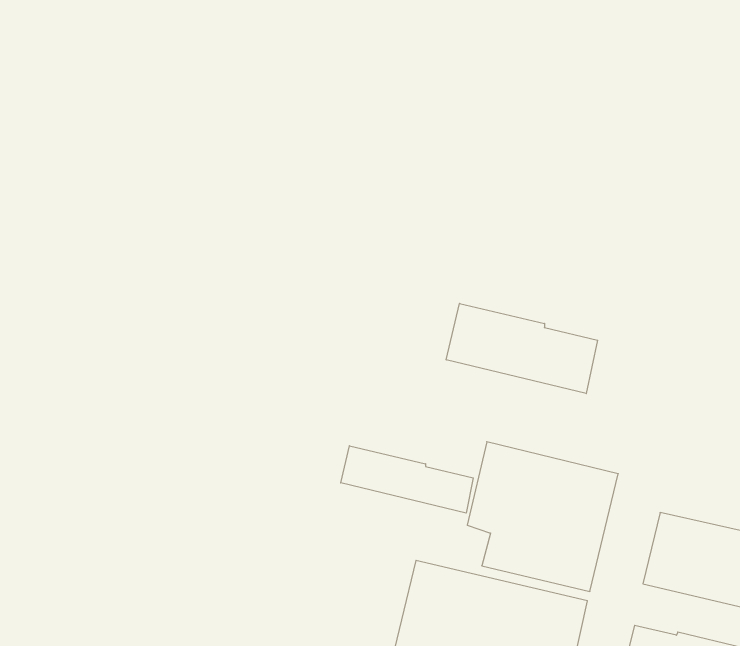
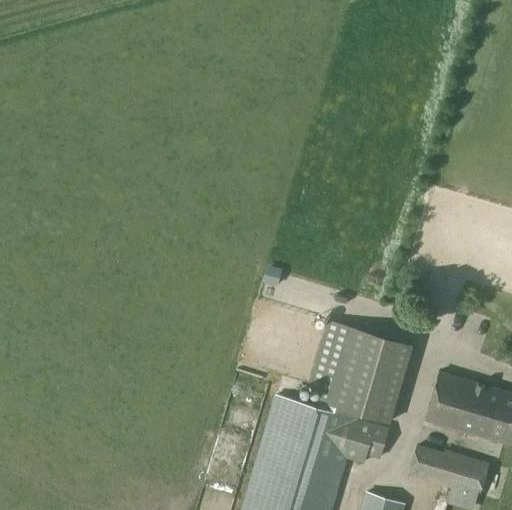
building: [446,303,598,394] -> none
building: [341,446,473,513] -> none

